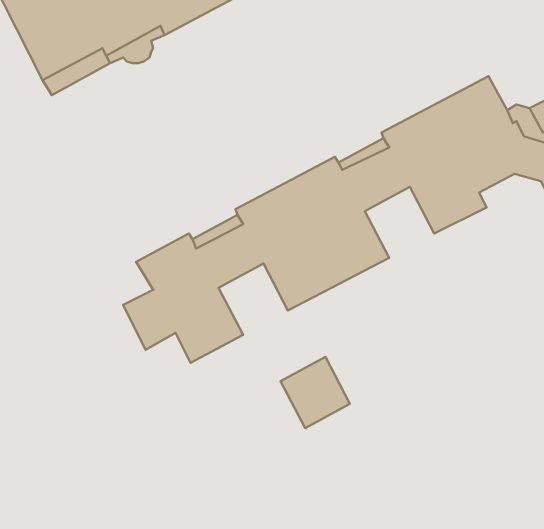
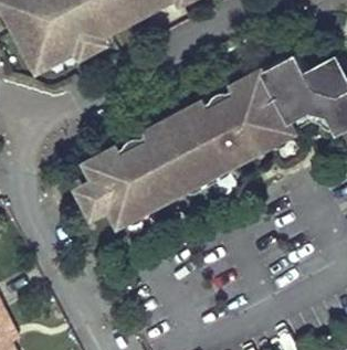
building: none -> [224,116,265,158]
building: [281,357,350,428] -> [138,161,179,203]

